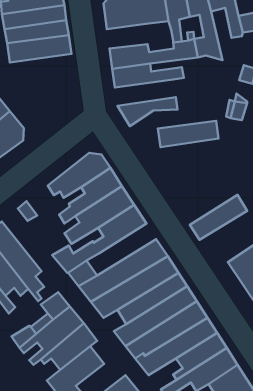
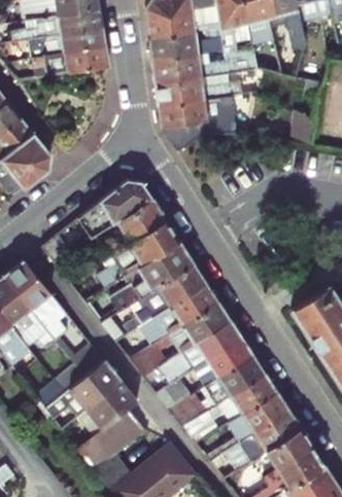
building: none -> [148,31,226,60]
building: [158,121,219,147] -> [158,96,229,127]
building: [190,195,247,240] -> [139,263,206,316]

